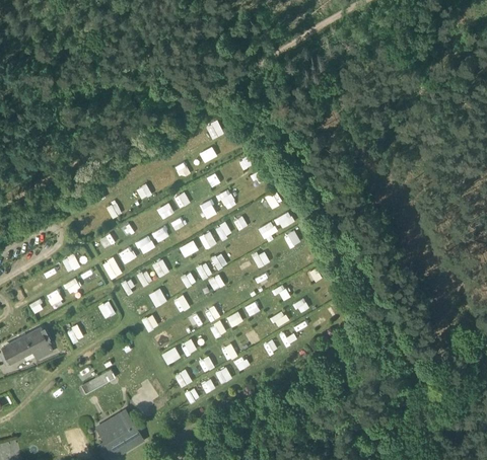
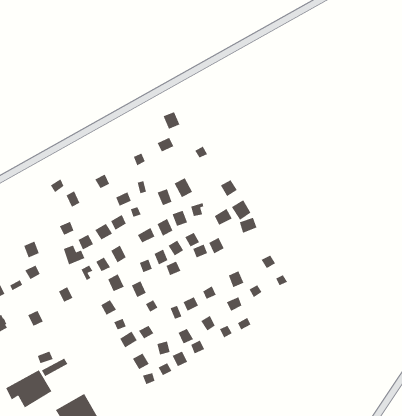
building: none -> [5,369,52,408]

